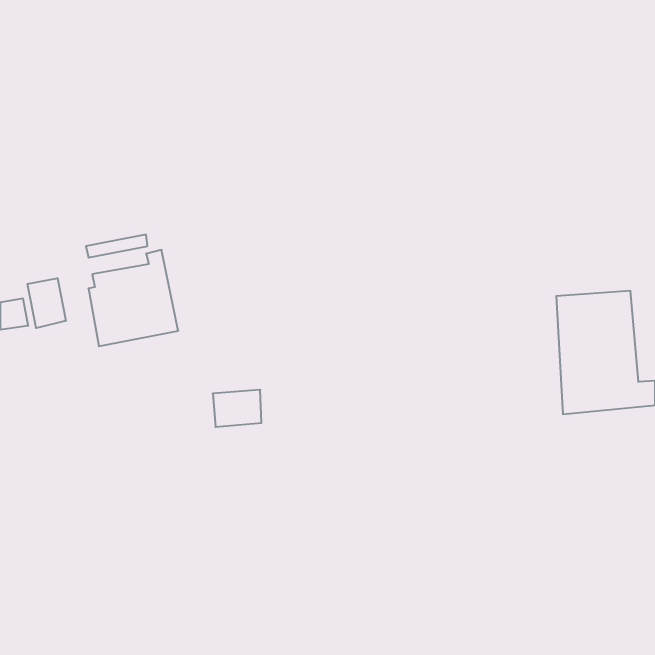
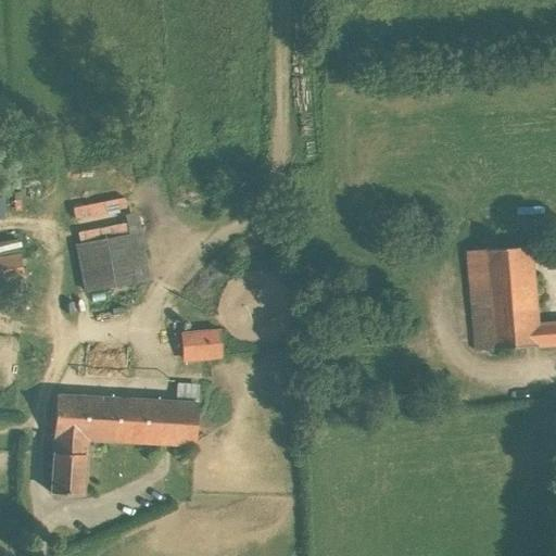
building: [28,278,66,328] -> none
building: none -> [51,395,197,494]

